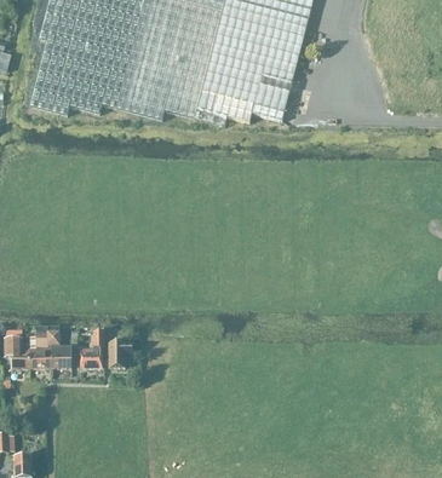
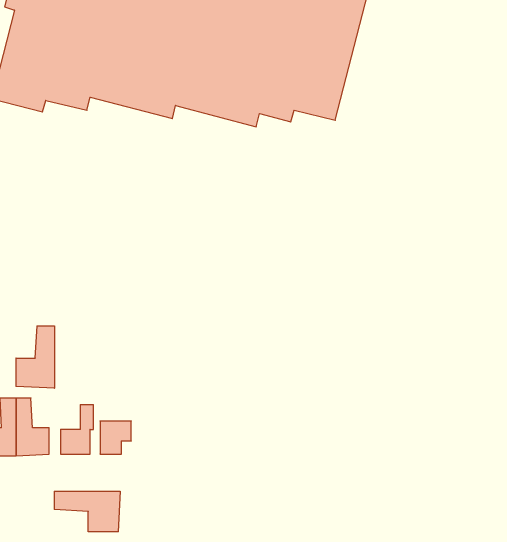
building: none -> [16,326,54,388]
building: none -> [54,491,120,532]

